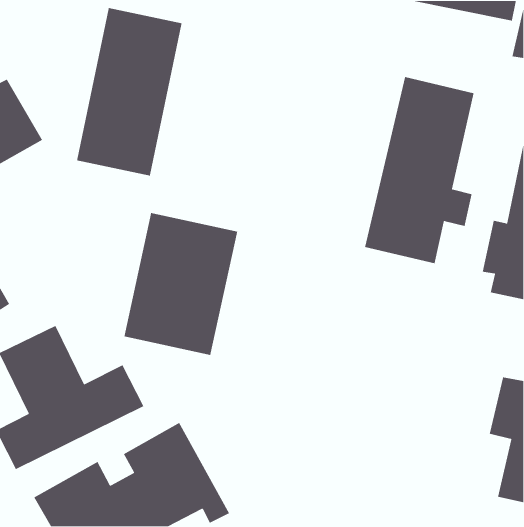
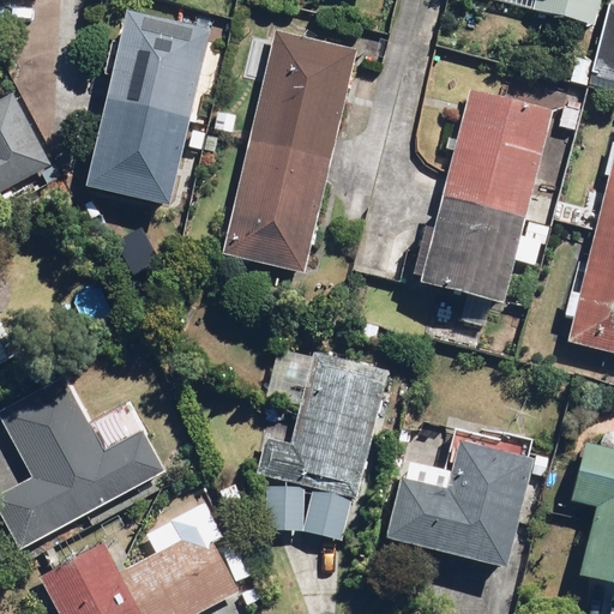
building: none -> [225,28,354,271]
building: [124,212,238,356] -> none
building: none -> [247,343,393,546]
building: none -> [387,440,535,568]

